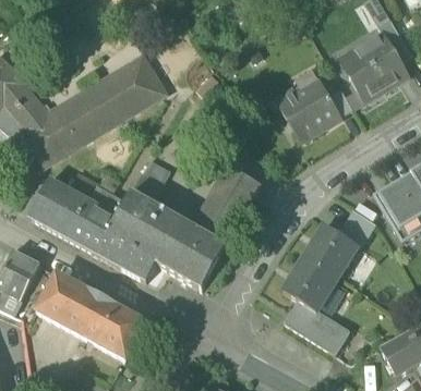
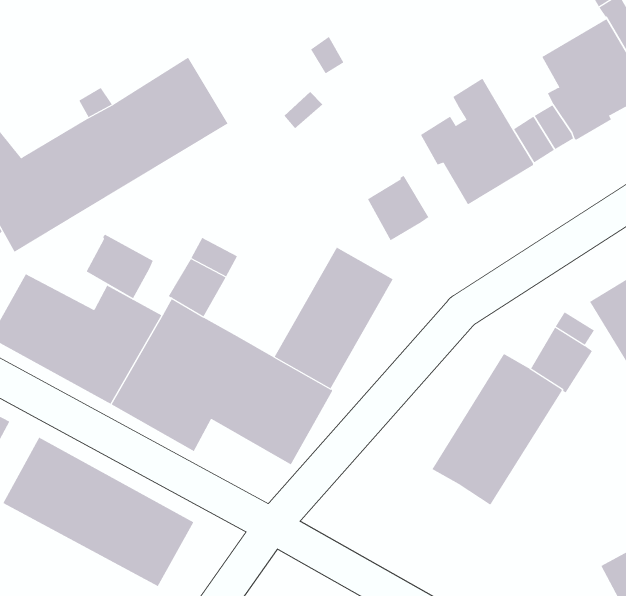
building: none -> [367,175,429,241]
building: none -> [86,234,154,299]
building: [284,300,350,354] -> none

